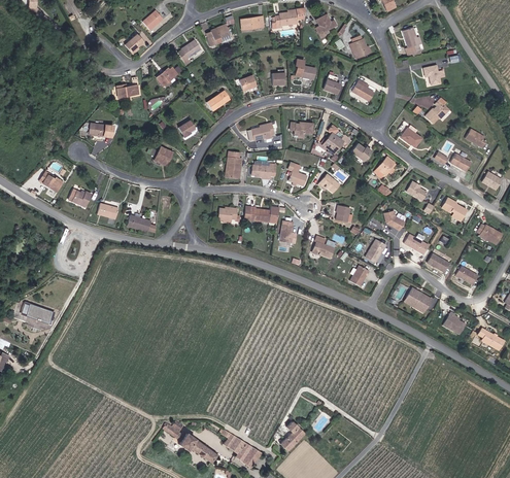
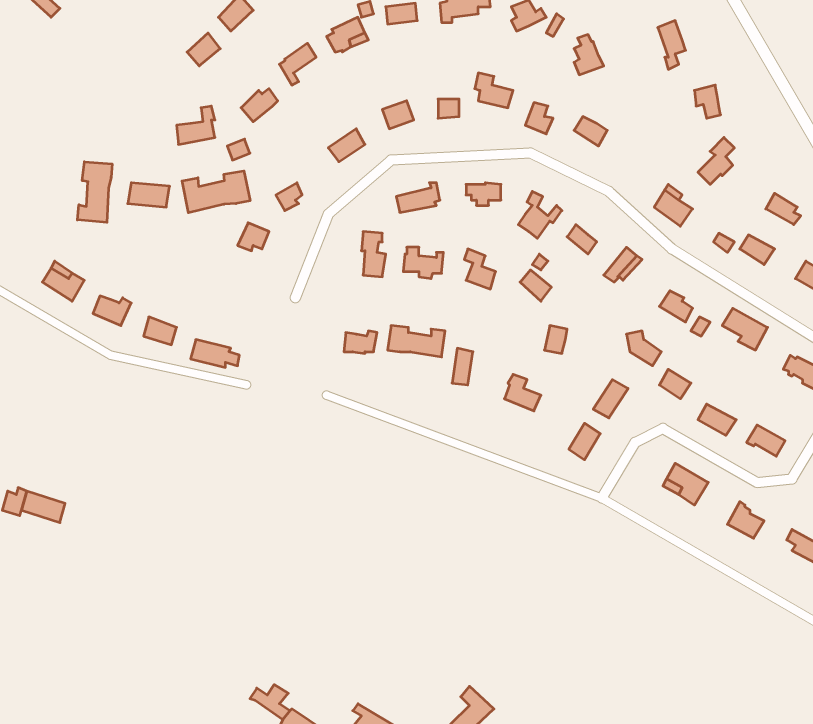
building: none -> [77,162,112,222]
building: none -> [182,171,250,213]

